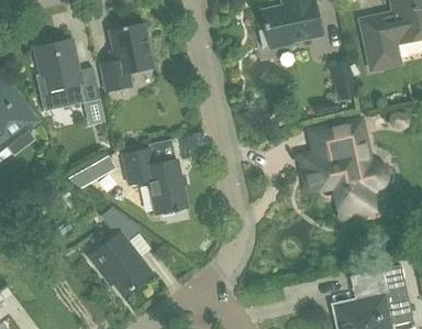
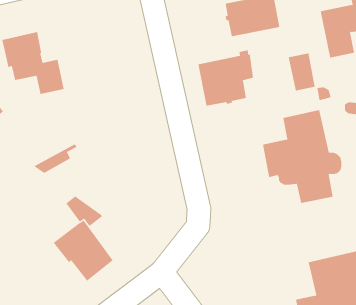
building: [100,24,152,92] -> none
building: none -> [198,49,254,107]
building: [122,150,185,216] -> none

